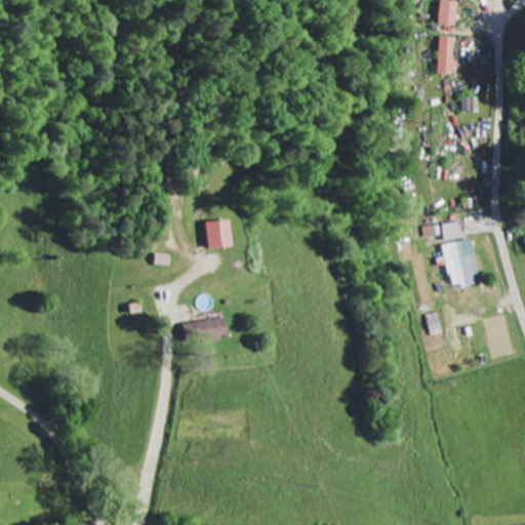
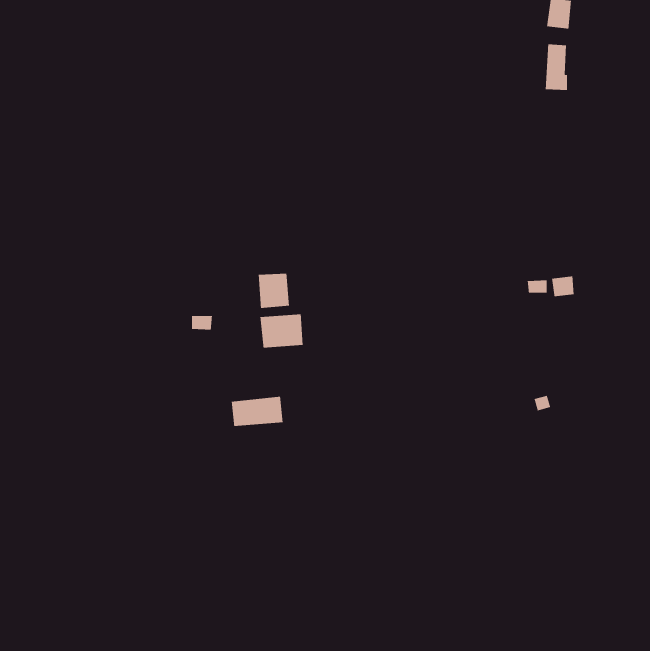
building: [443,240,480,286] -> none
building: none -> [259,314,304,348]

